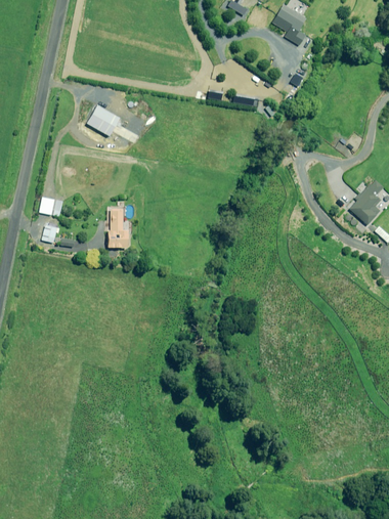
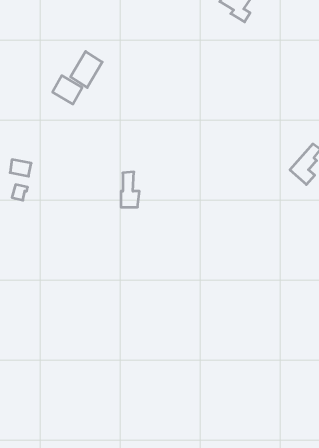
building: none -> [71,51,102,88]
building: [107,208,128,247] -> [121,172,139,207]

